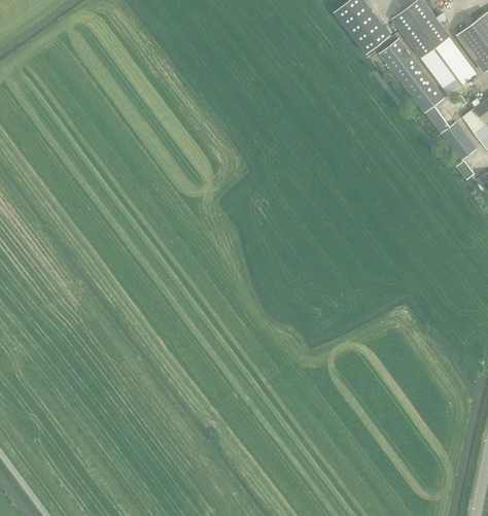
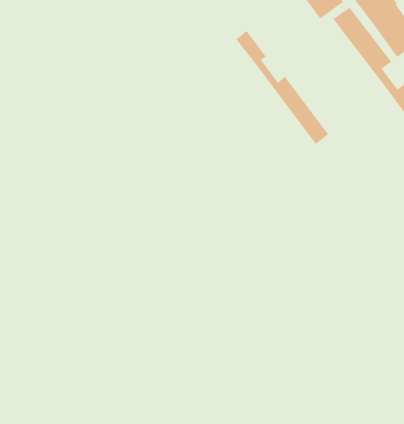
building: none -> [236,30,329,145]

